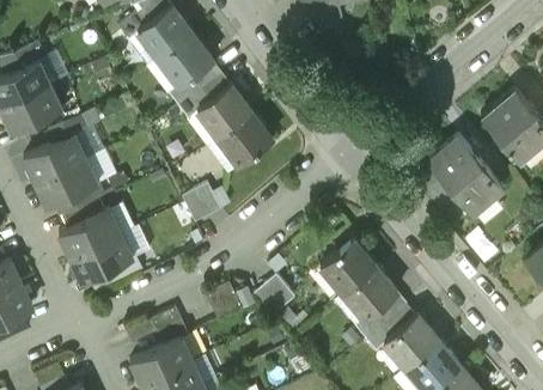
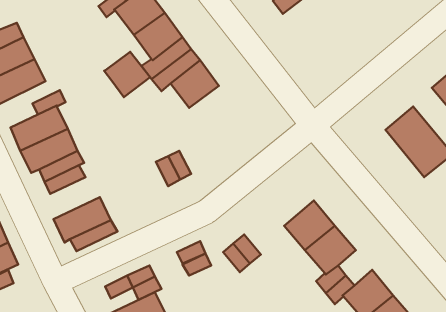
building: none -> [104,52,150,97]
building: [218,114,270,165] -> none
building: [59,211,121,258] -> none

